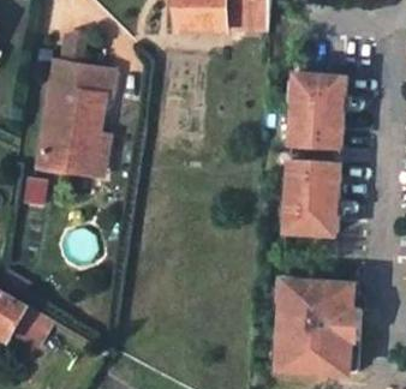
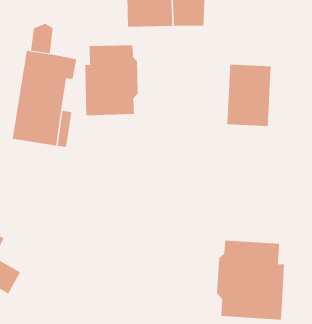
building: none -> [85,44,138,116]
building: [283,166,338,240] -> none

